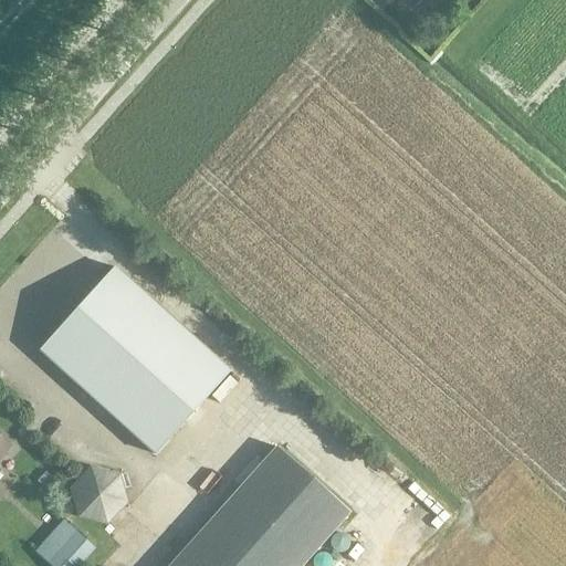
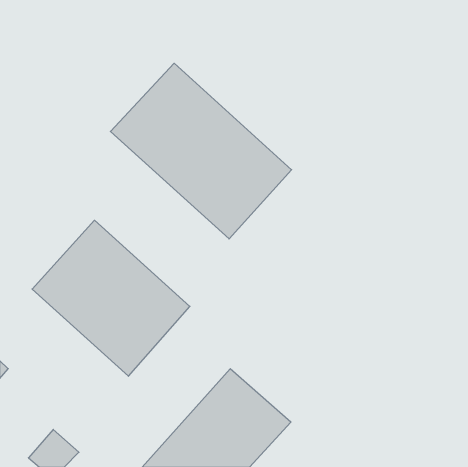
building: none -> [110,63,292,239]
building: [70,467,127,524] -> none

